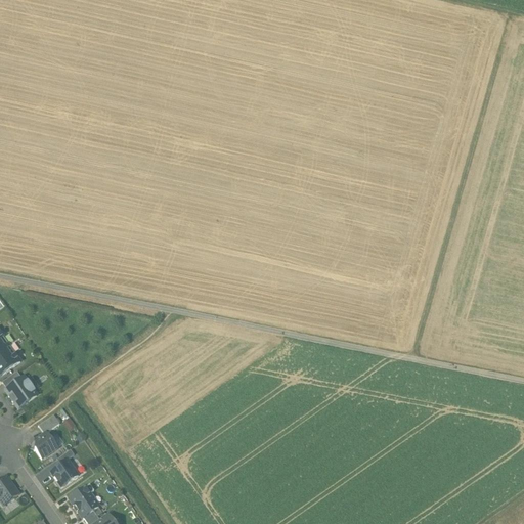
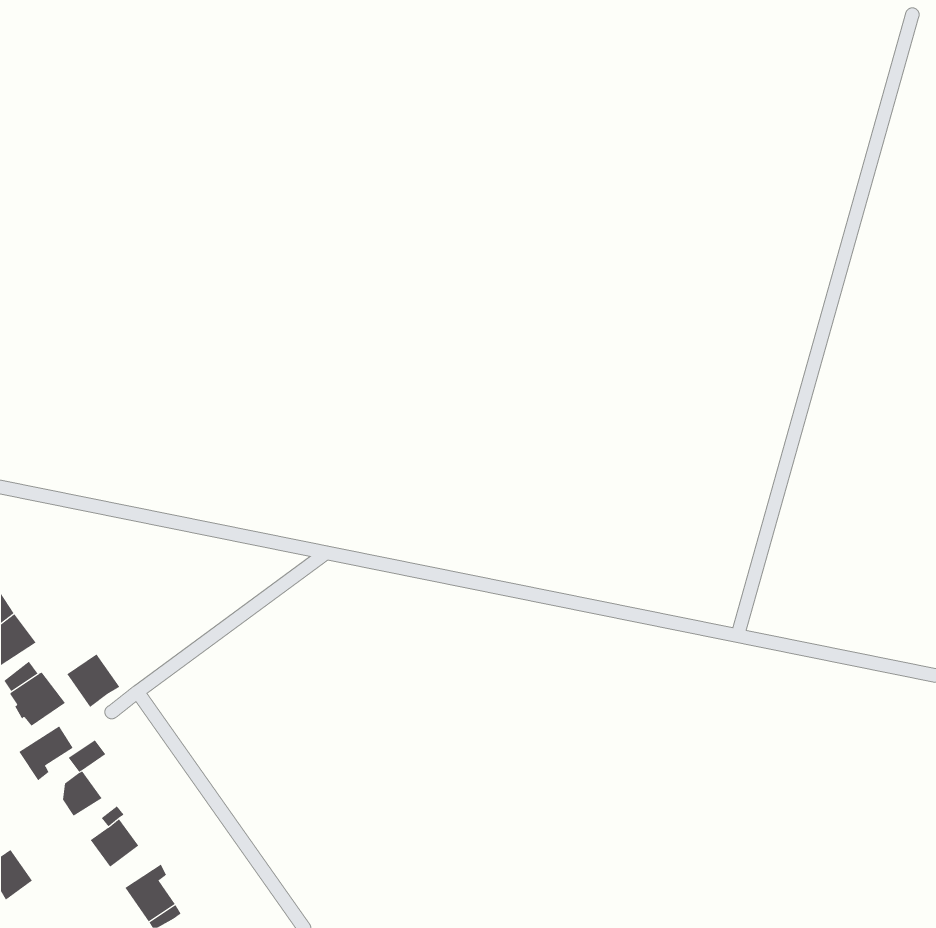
building: none -> [66,653,120,708]
building: none -> [18,726,74,781]

